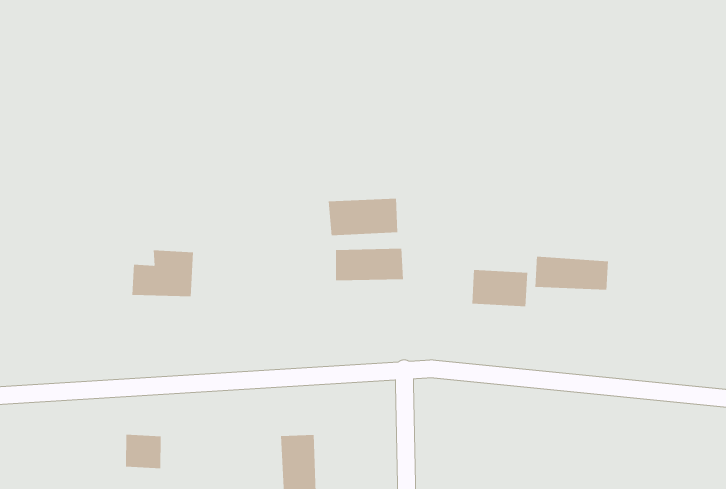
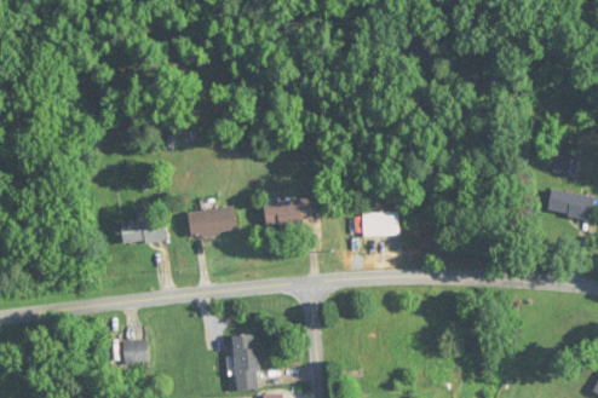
building: [328,198,398,236] -> [186,207,237,236]
building: [535,256,609,291] -> none

